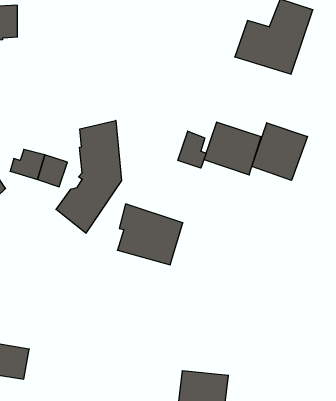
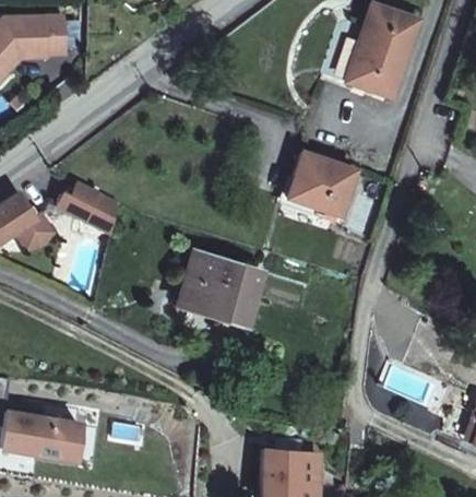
building: [56,120,121,233] -> none
building: [252,123,307,180] -> none
building: [178,131,206,168] -> none

